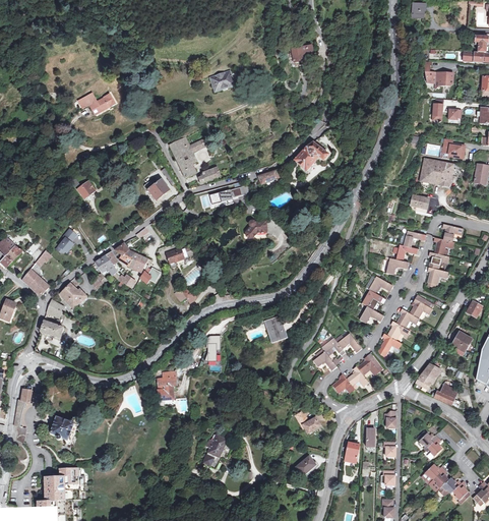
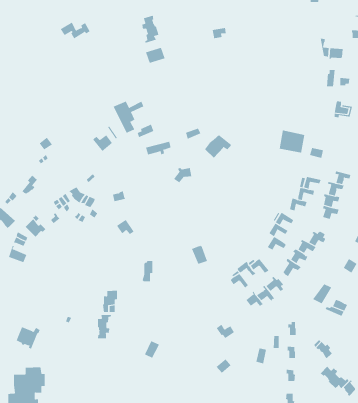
building: none -> [141,15,159,44]
building: [76,93,114,114] -> [60,22,90,39]
building: [294,141,328,171] -> [204,134,232,158]
building: [421,158,453,186] -> [279,130,305,153]
building: none -> [97,314,112,339]

